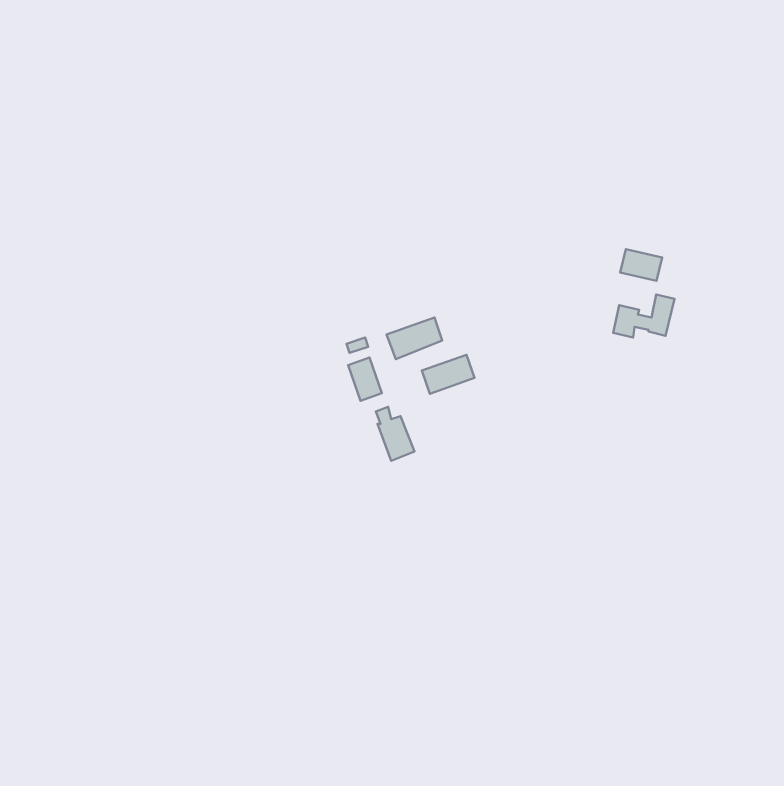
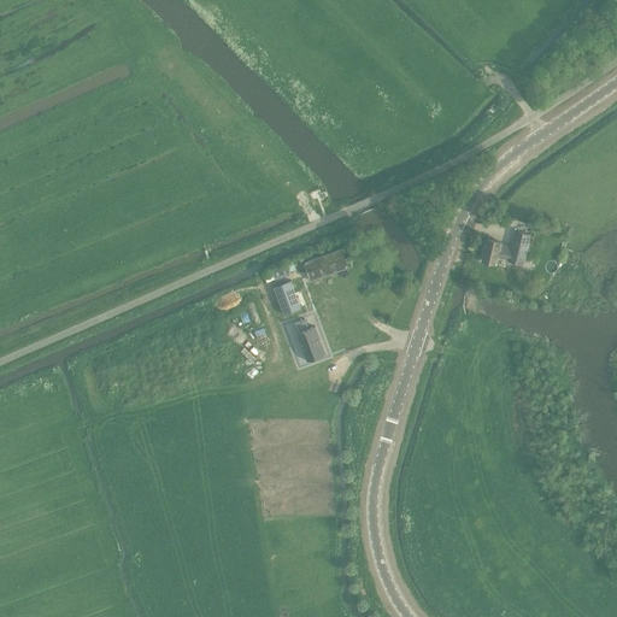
building: [620,249,662,281] -> none
building: [422,355,475,394] -> none

